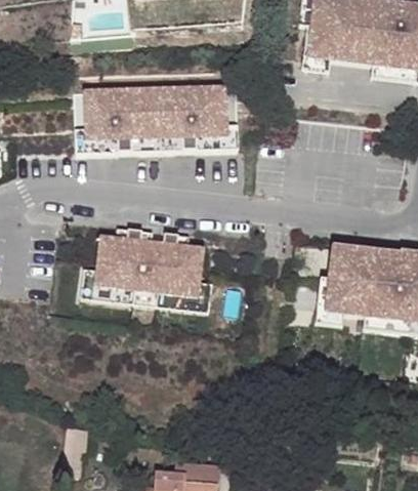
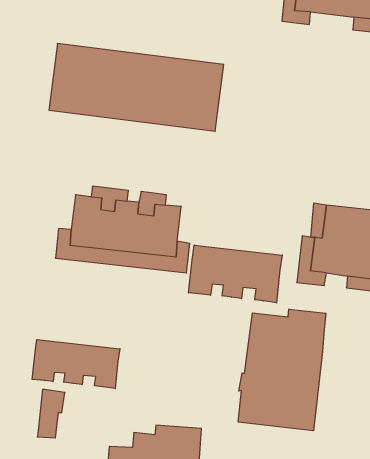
building: none -> [189,245,282,303]
building: none -> [238,309,326,431]
building: none -> [32,340,120,389]

